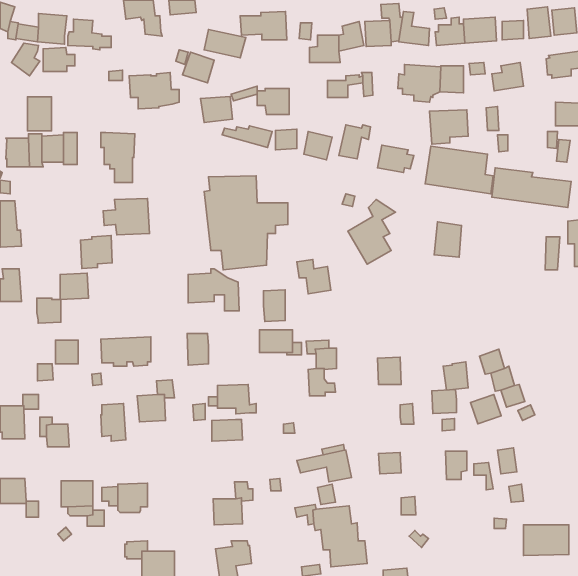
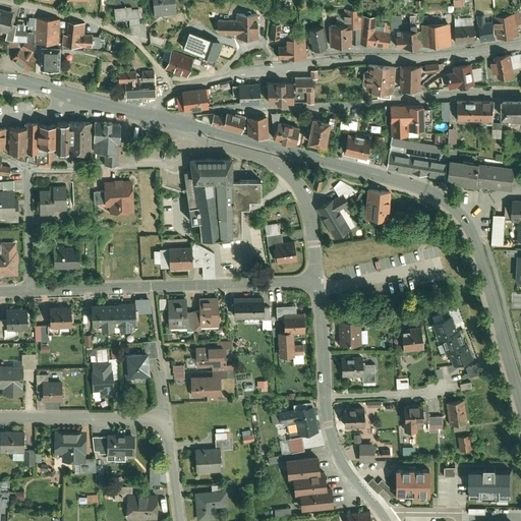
building: none -> [268,81,295,104]
building: [28,97,51,131] -> [70,122,92,153]
building: none -> [455,99,495,119]
building: [434,222,461,257] -> [362,189,387,221]
building: [81,236,112,268] -> [40,186,68,216]
building: [264,290,285,322] -> [199,299,219,328]
building: [37,298,61,323] -> [7,310,28,333]
building: [432,390,457,413] -> [338,357,360,379]
building: [471,395,501,424] -> none
building: none -> [396,472,431,500]

